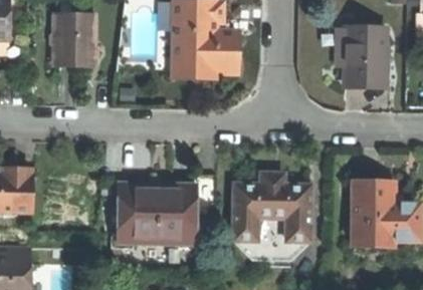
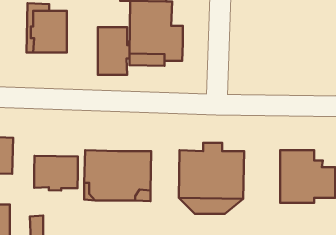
building: [335,26,383,81] -> none
building: none -> [98,27,129,75]
building: none -> [34,156,78,190]

